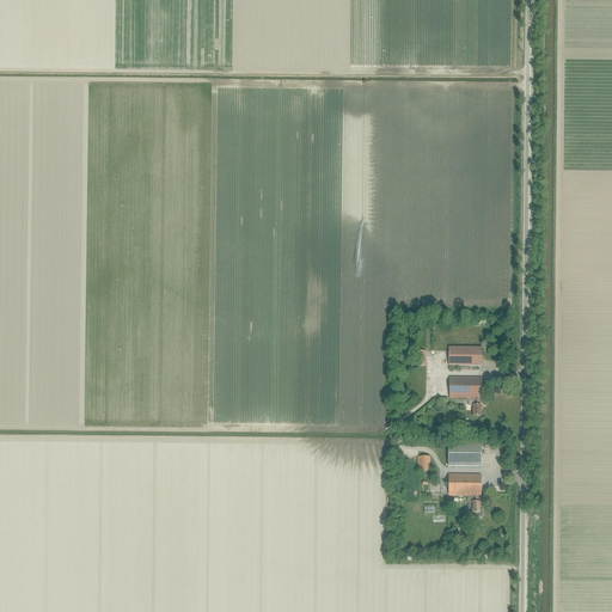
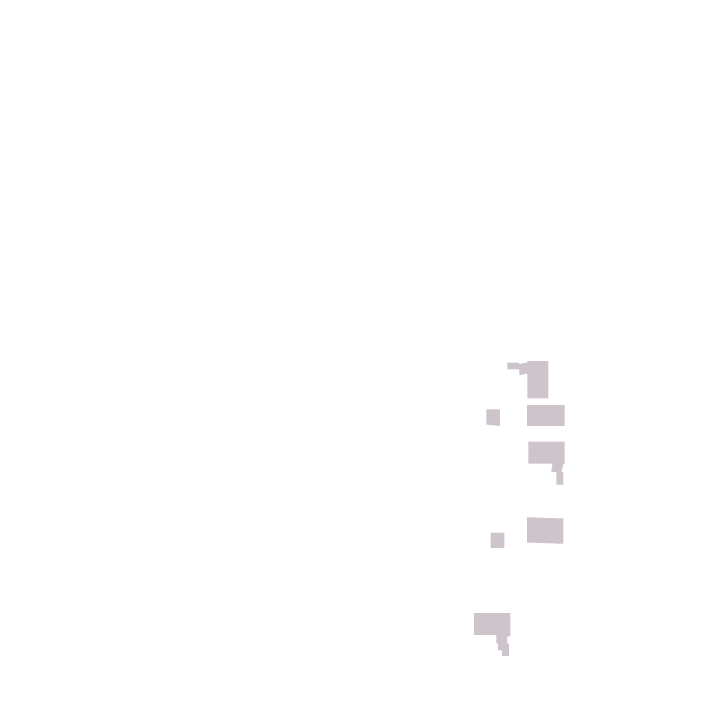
building: none -> [506,360,549,399]
building: [448,472,481,510] -> [473,612,511,657]

